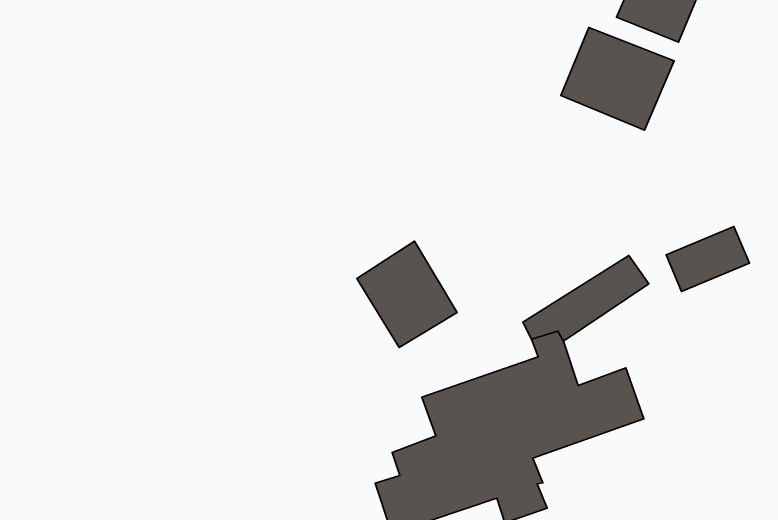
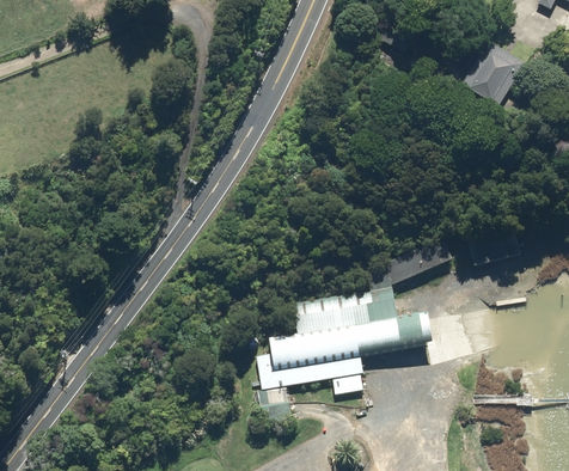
building: [561,27,674,130] -> none
building: [357,241,457,348] -> none

